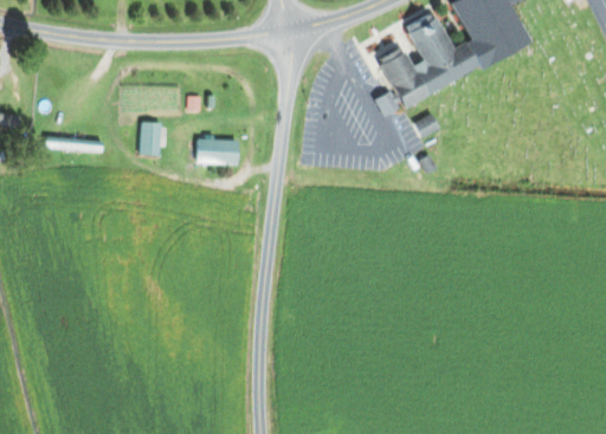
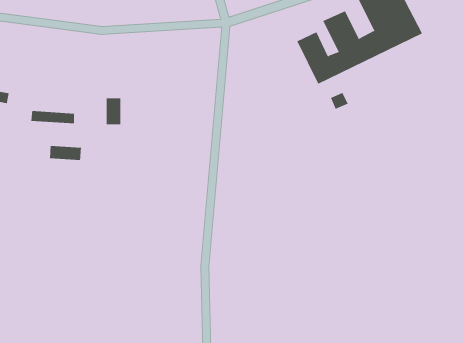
building: [196,138,238,163] -> none
building: none -> [49,145,81,161]

